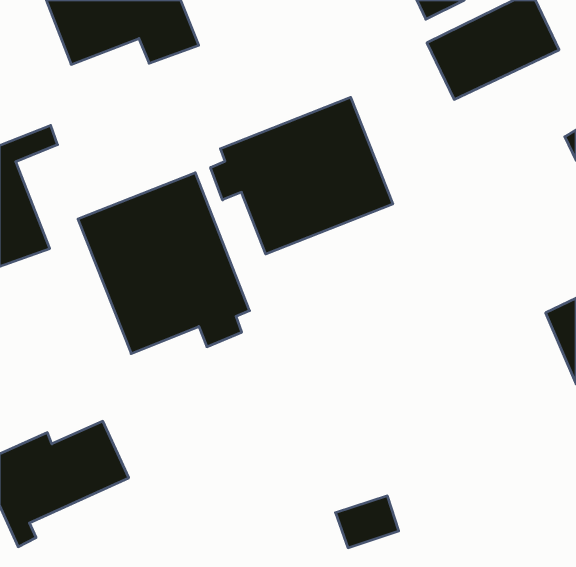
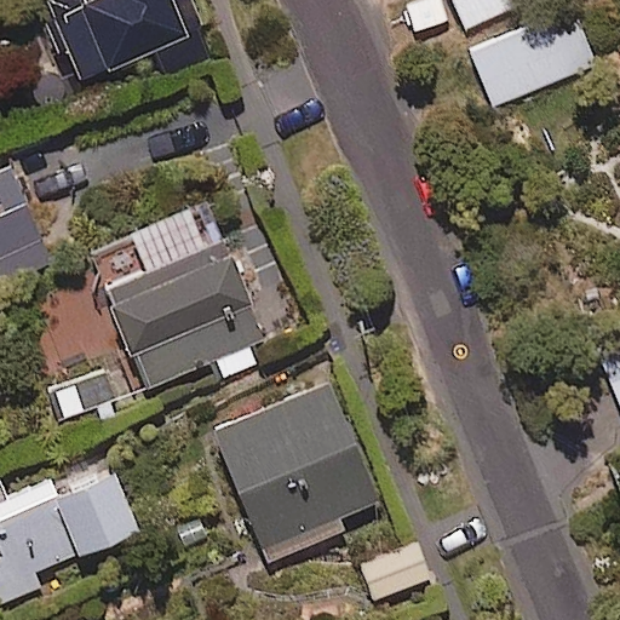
building: [211,97,393,254] -> none
building: none -> [213,379,377,563]

